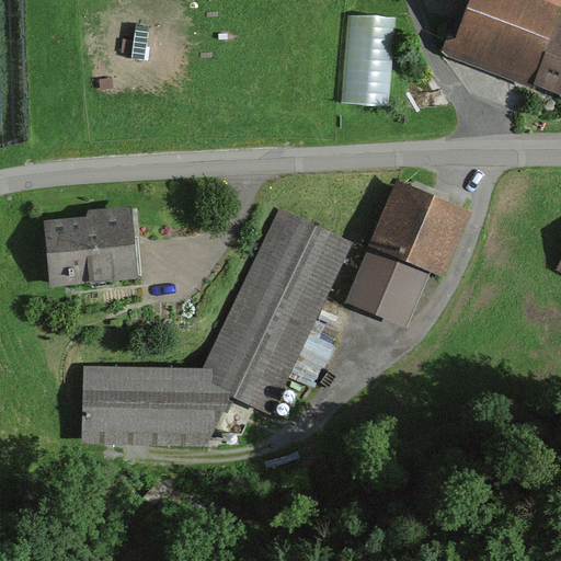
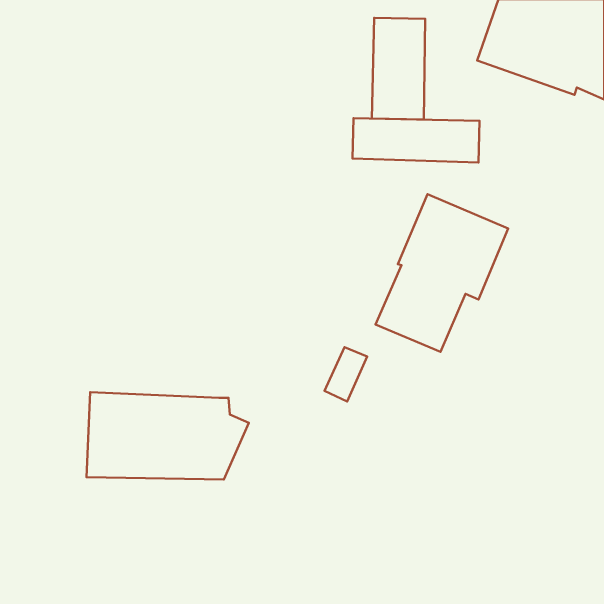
building: none -> [353,118,480,162]
building: [43,205,138,285] -> none
building: [203,211,350,410] -> none

